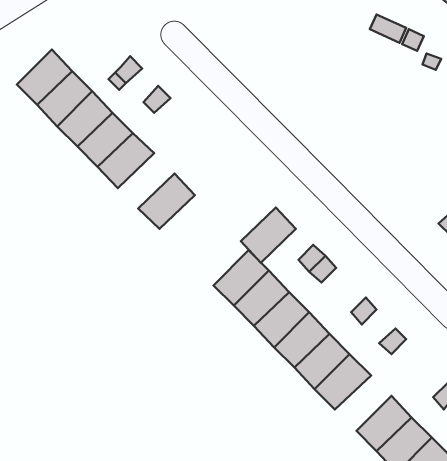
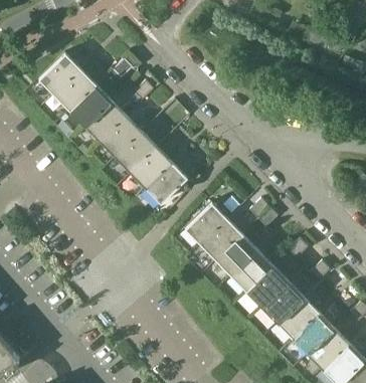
building: none -> [116,132,158,173]
building: [241,207,296,263] -> [147,163,188,204]
building: none -> [278,298,320,339]

